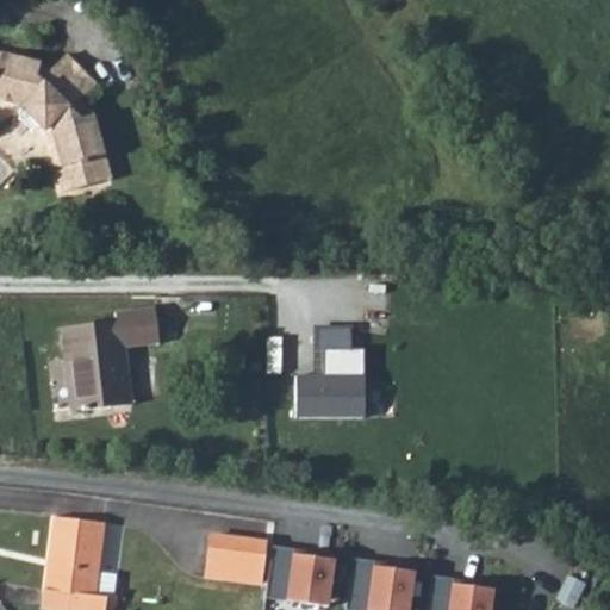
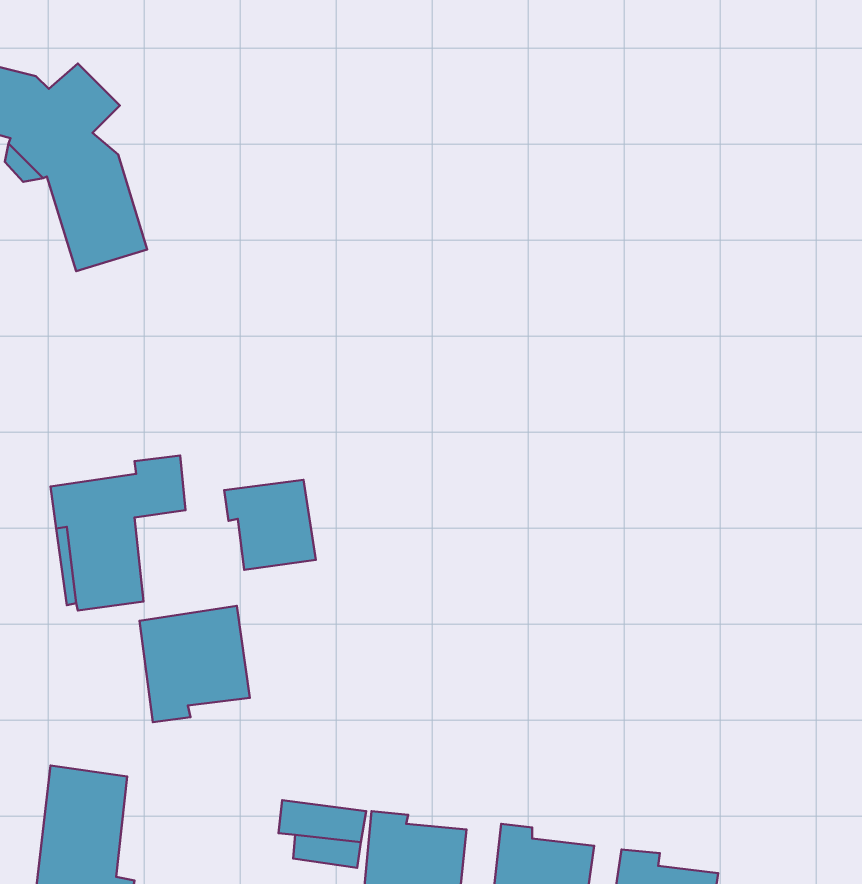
building: none -> [224,480,316,570]
building: [297,350,366,418] -> none
building: none -> [140,606,250,722]

